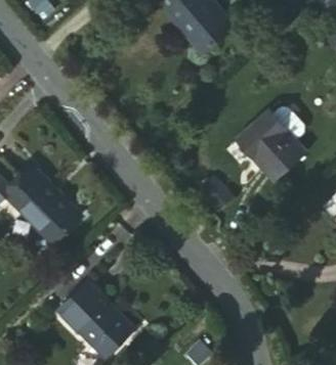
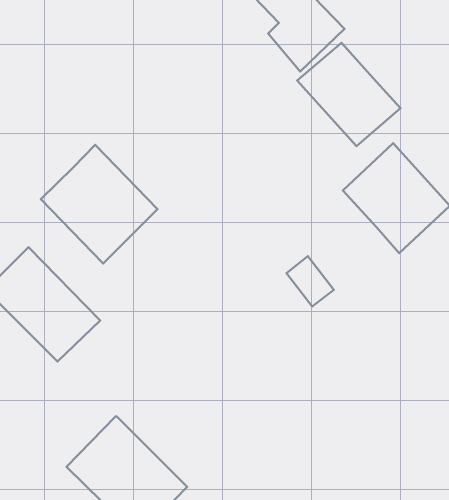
building: none -> [297,43,401,146]
building: none -> [41,145,158,263]

